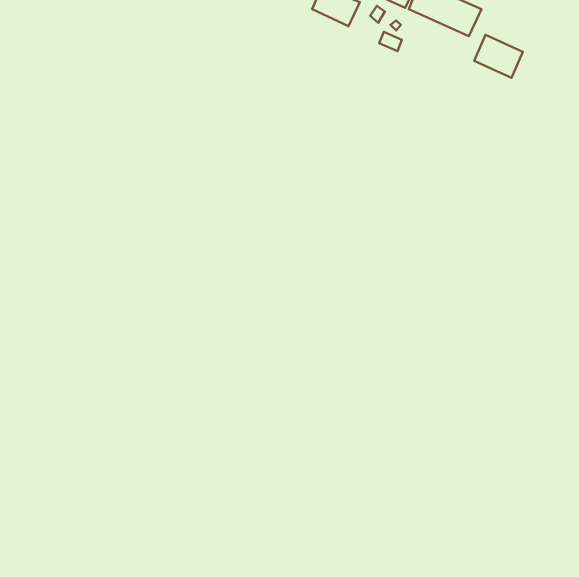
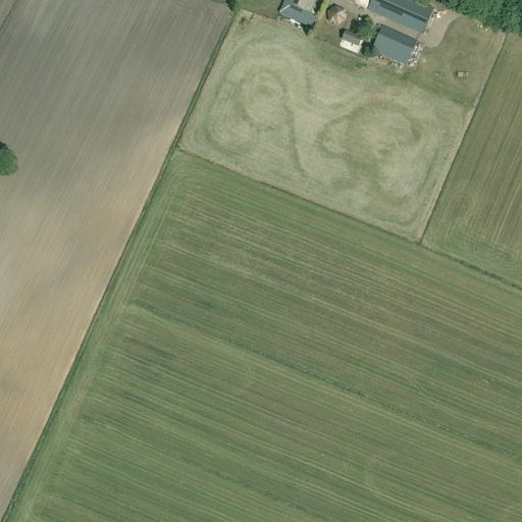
building: [474,35,523,78] -> [371,25,415,64]

